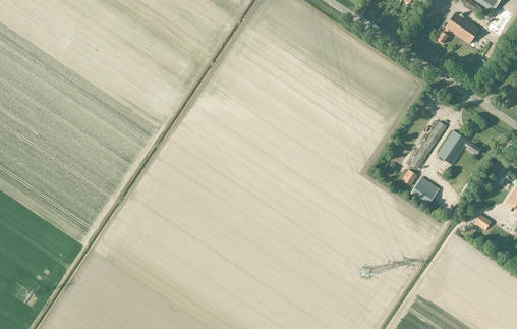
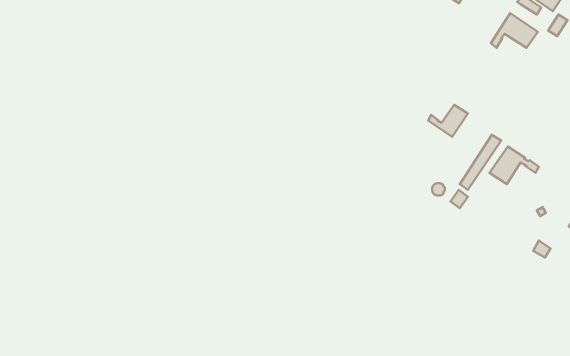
building: none -> [428,105,468,137]
building: [411,176,440,205] -> none

